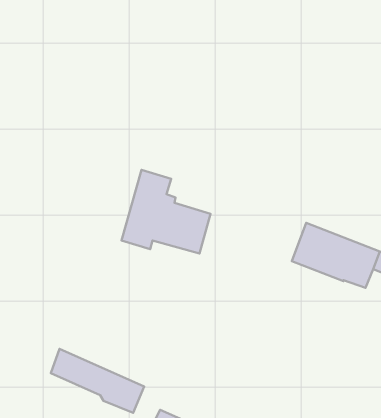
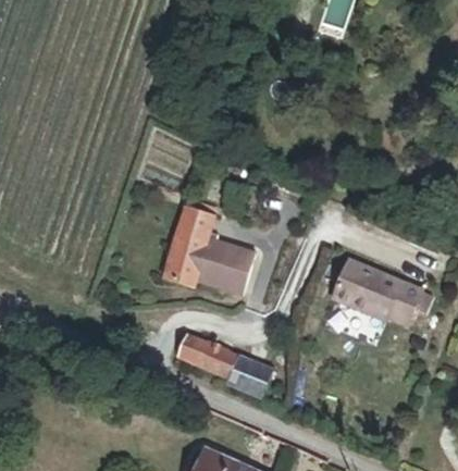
building: [51,349,144,413] -> [177,332,270,395]

